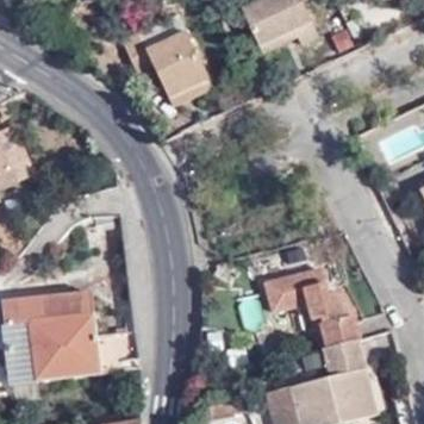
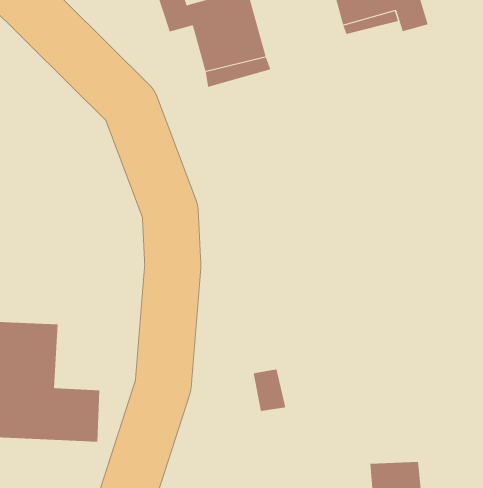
building: [268,272,360,351] -> none

